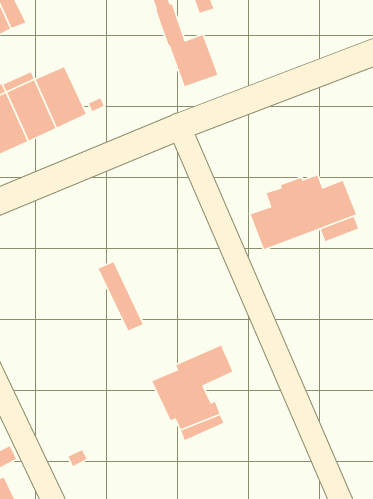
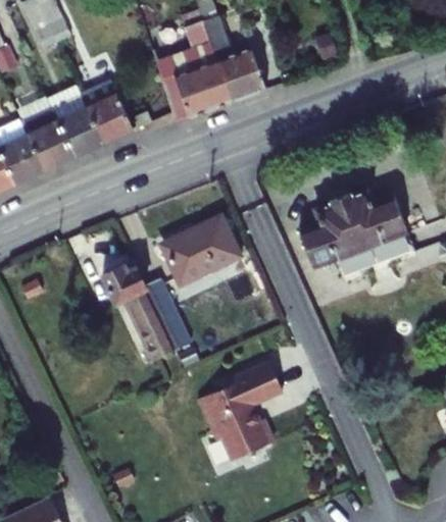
building: none -> [157,22,233,123]
building: none -> [163,217,239,283]
building: none -> [103,261,176,360]

